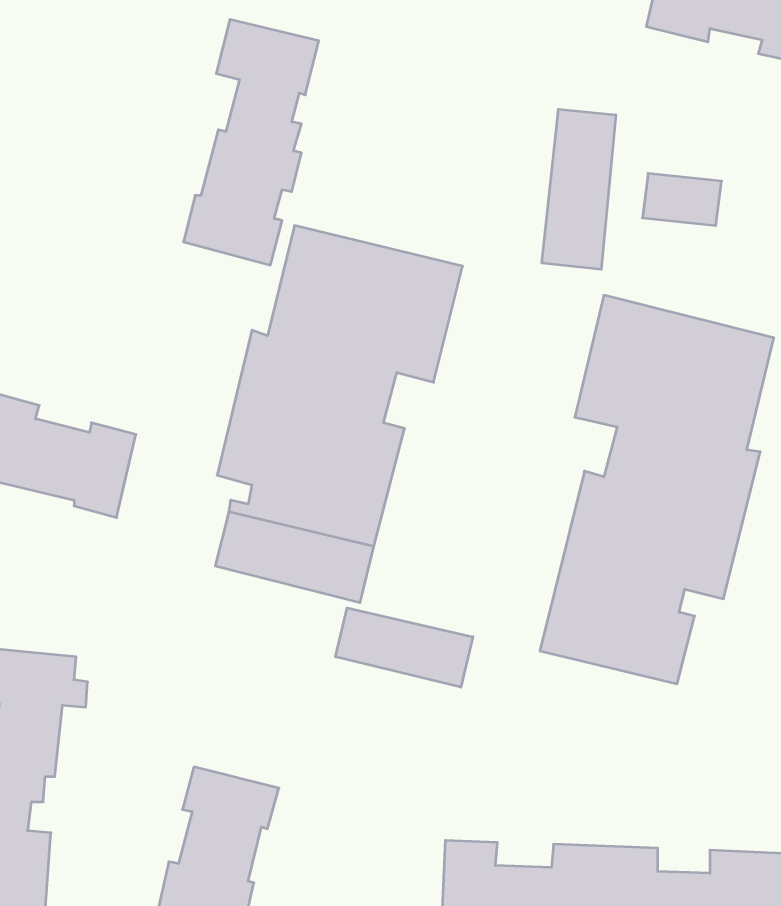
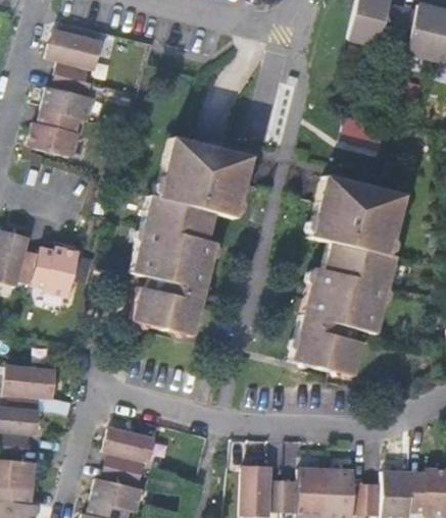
building: [183,19,319,265] -> [29,28,100,157]
building: [542,109,616,269] -> none
building: [336,608,473,687] -> none

